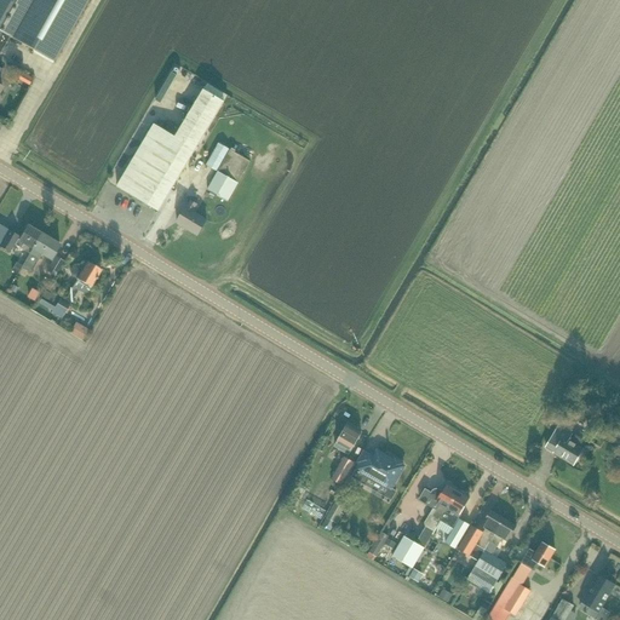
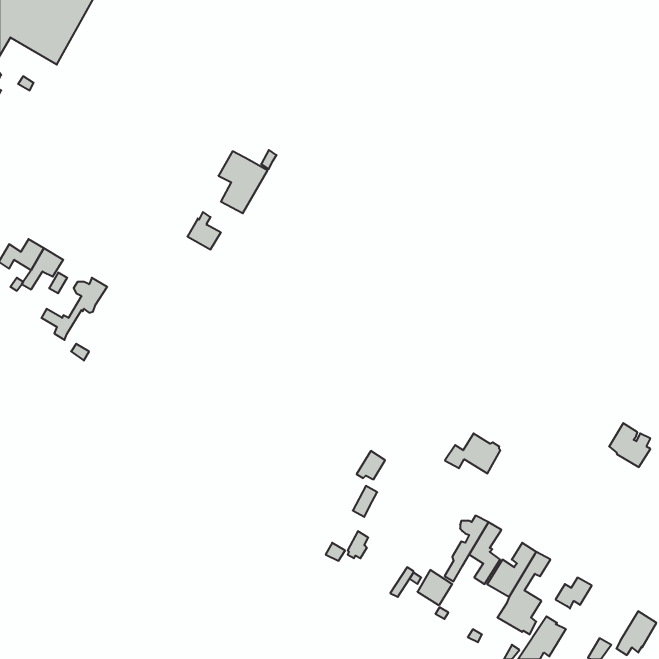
building: [115,81,226,211] -> none
building: [545,424,584,465] -> [609,423,650,467]
building: [351,449,403,487] -> [445,433,500,473]

